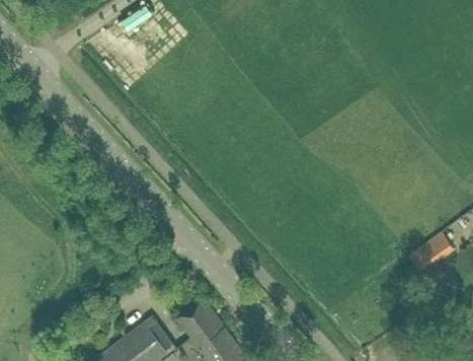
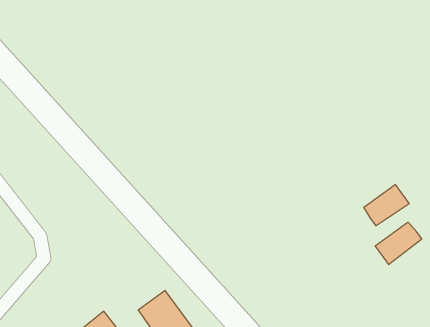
building: none -> [364,184,409,226]

